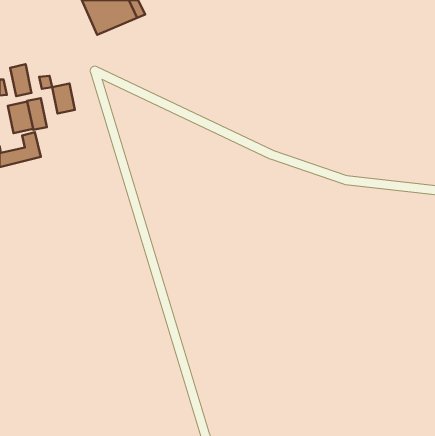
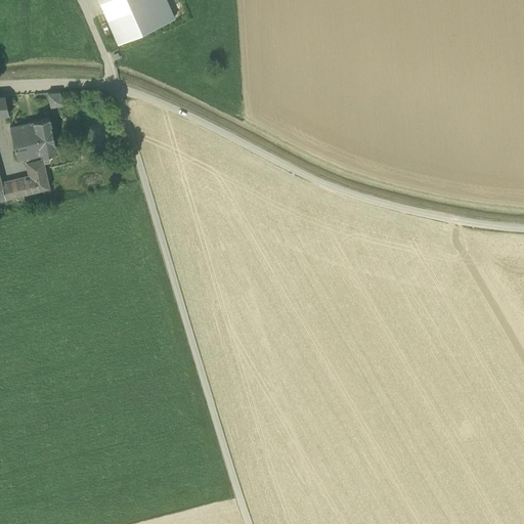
building: [10,64,32,96] -> none
building: [52,83,75,113] -> none

